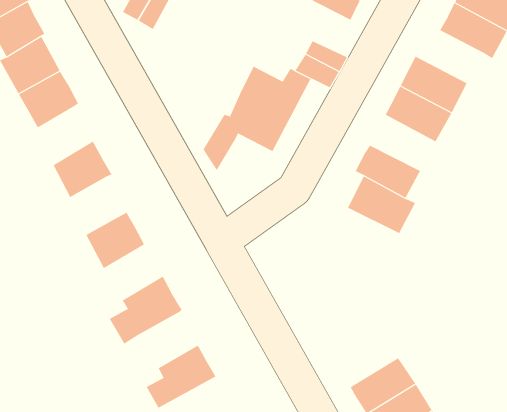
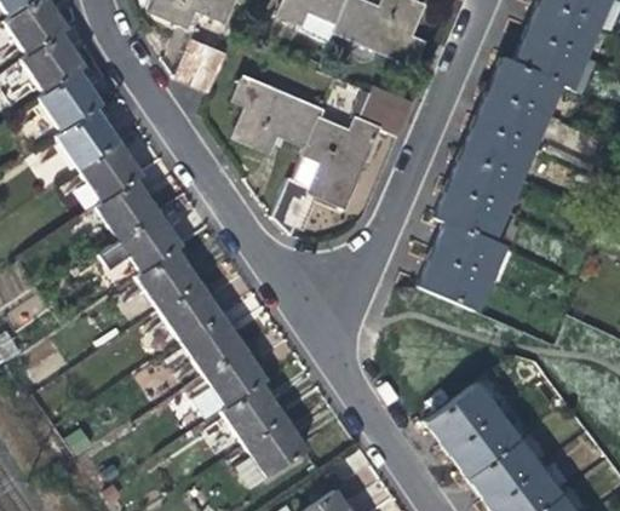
building: none -> [232,80,323,155]
building: none -> [488,62,559,119]
building: none -> [96,177,159,240]
building: none -> [448,159,517,214]
building: none -> [136,247,200,310]
building: none -> [417,259,487,314]
building: none -> [180,315,243,375]
building: none -> [223,383,286,443]
building: none -> [426,383,496,447]

